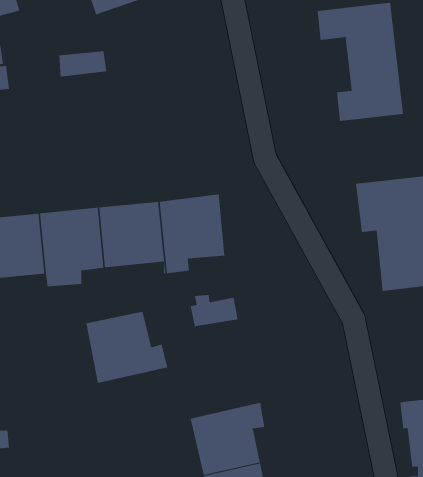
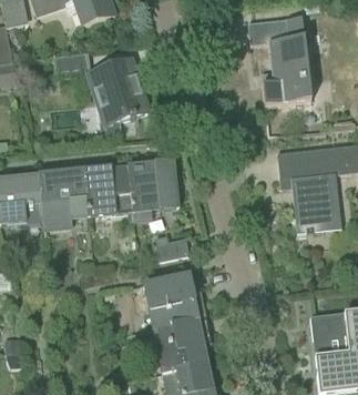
building: none -> [89,60,147,133]
building: [86,311,168,384] -> [143,274,205,328]

